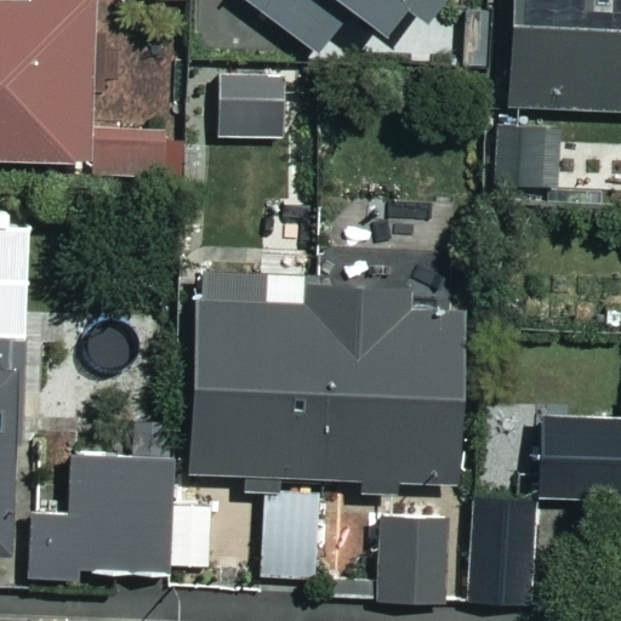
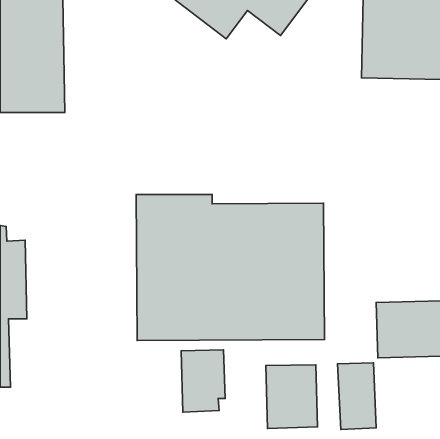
building: [33,449,215,583] -> none

